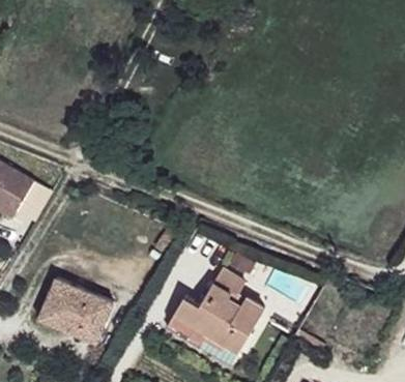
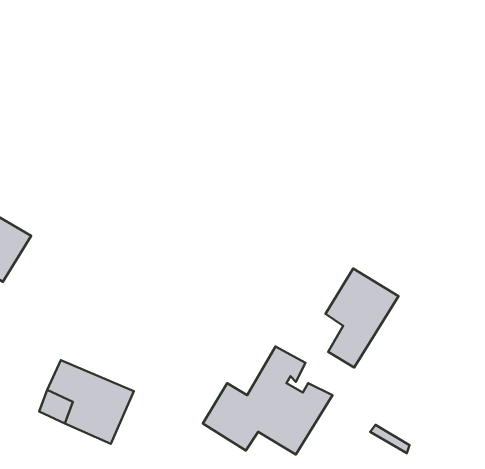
building: none -> [326,268,399,367]

